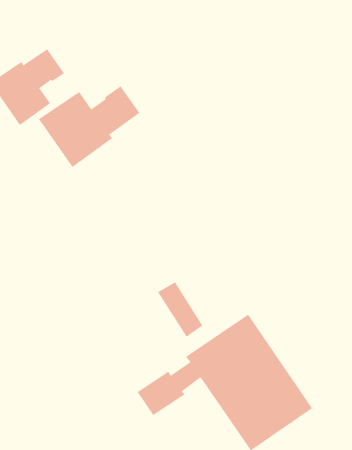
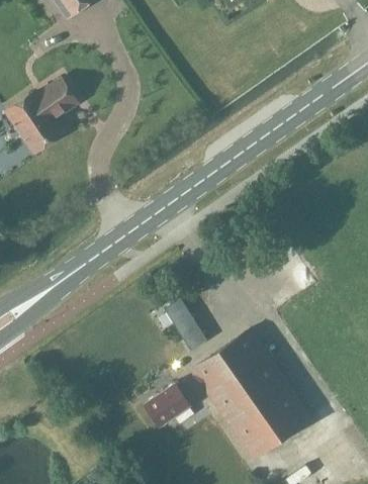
building: [38,85,140,168] -> none

